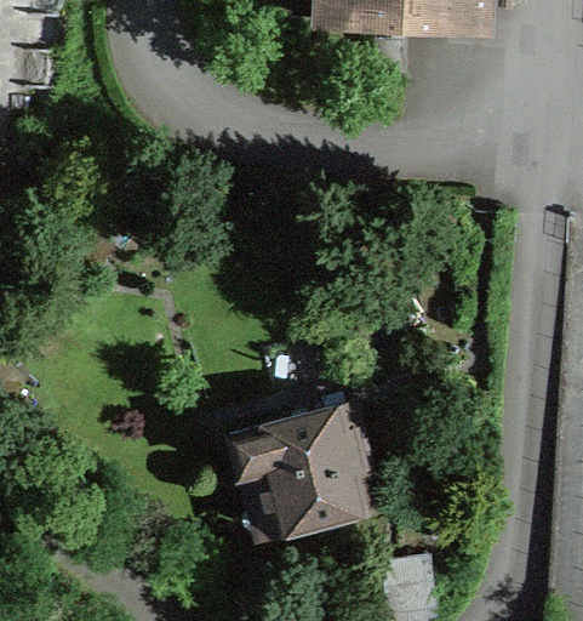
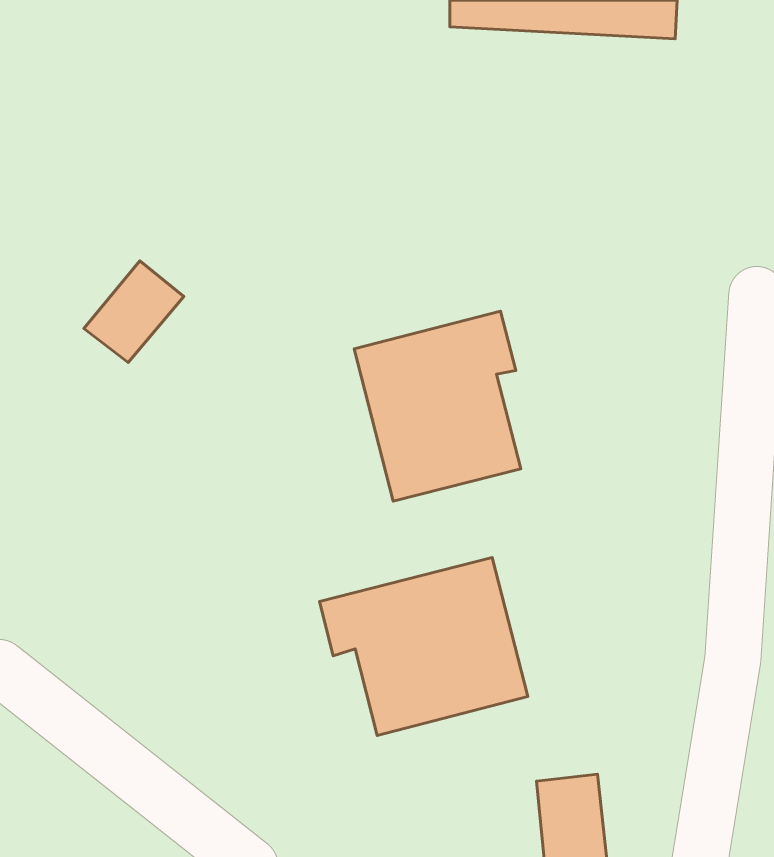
building: none -> [354,311,521,501]

